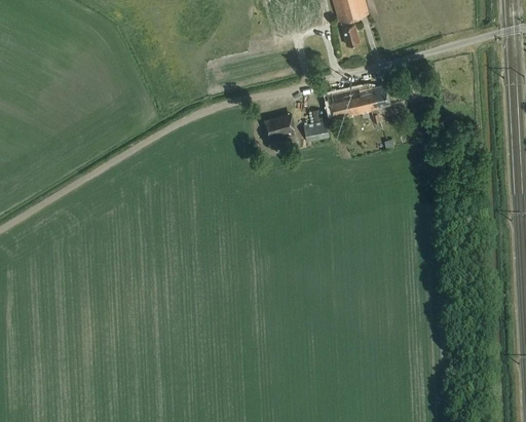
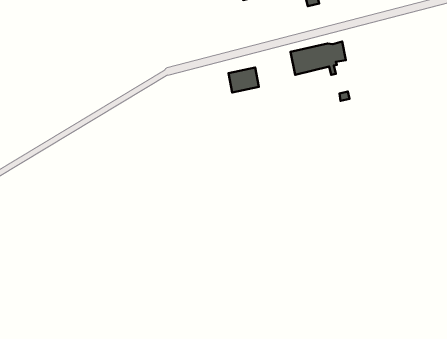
building: [303,109,329,142] -> none

